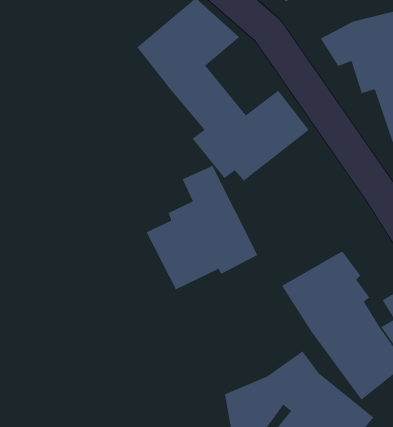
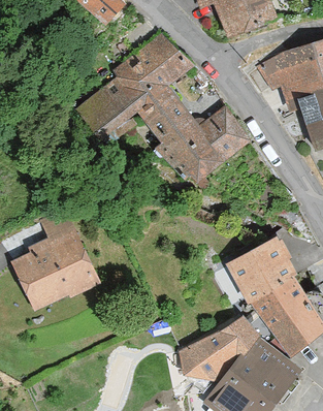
building: none -> [76,78,137,137]
building: [146,165,258,290] -> [11,210,101,310]

